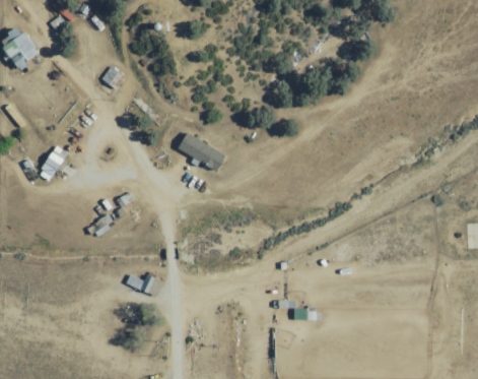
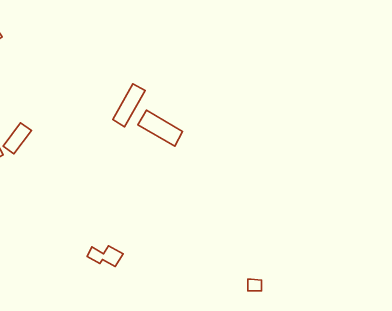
building: none -> [113,84,145,127]

